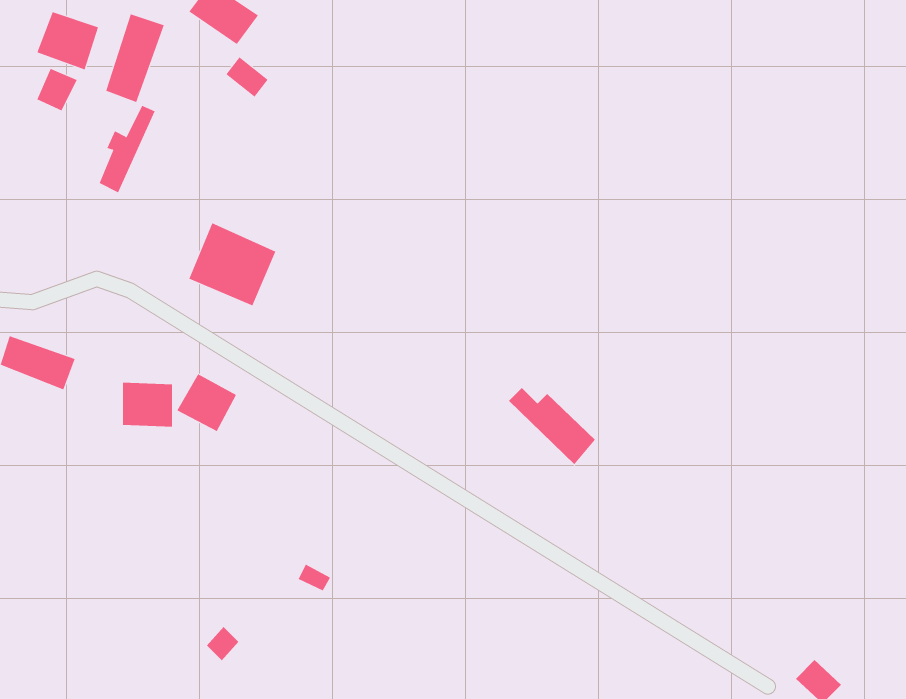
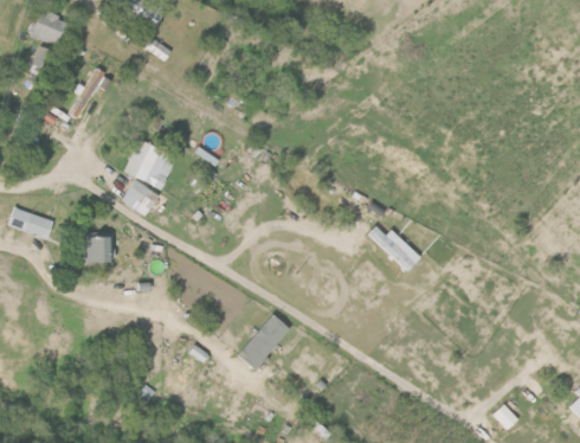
building: [106,13,165,103] -> none
building: [176,373,237,432] -> [121,179,157,214]
building: [508,387,596,465] -> [368,226,421,274]
building: none -> [238,313,289,372]

